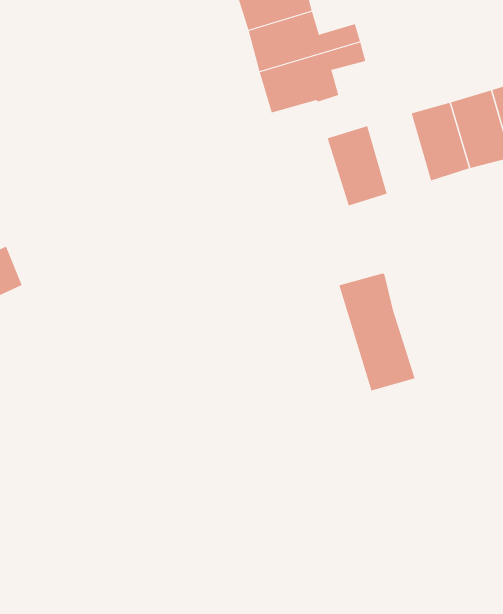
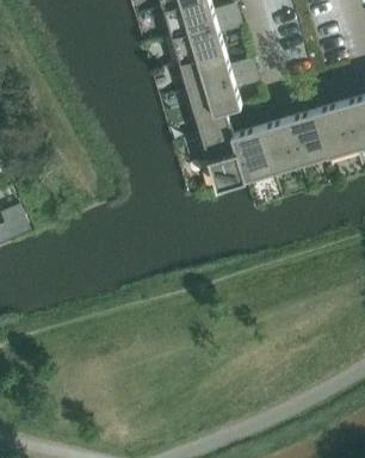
building: none -> [259,118,301,172]
building: [338,273,415,391] -> [194,110,246,188]

